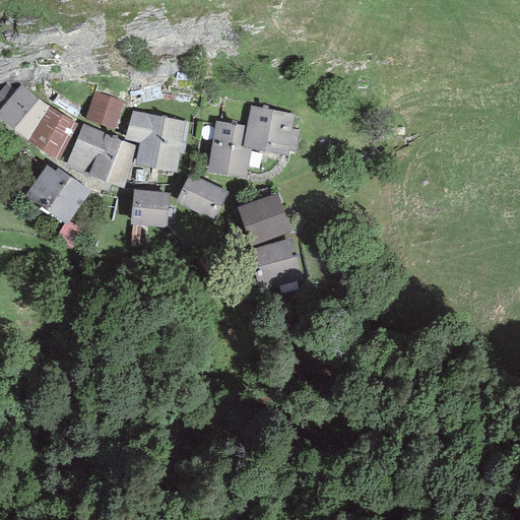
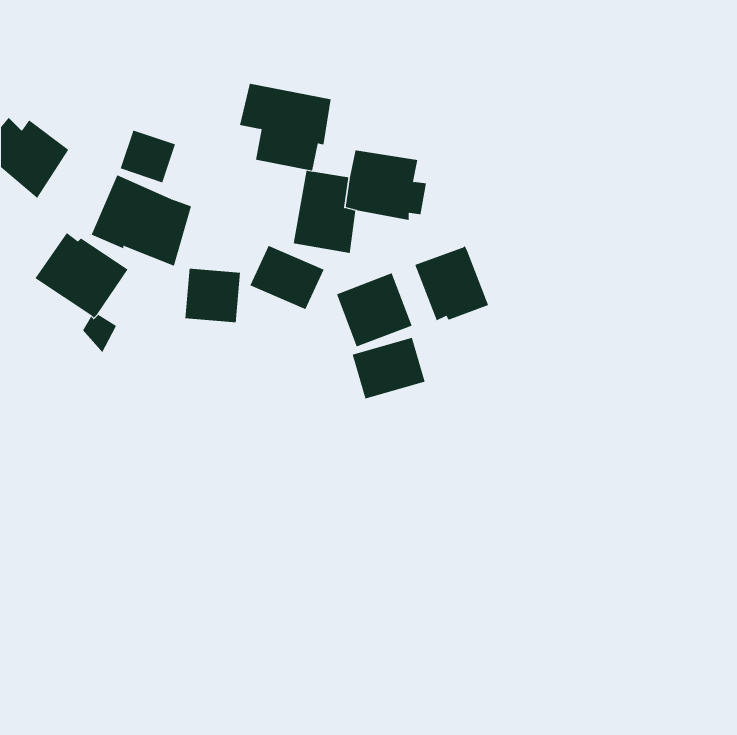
building: [26,106,81,160] -> none
building: [124,110,189,172] -> [239,83,331,171]
building: none -> [415,245,489,321]

